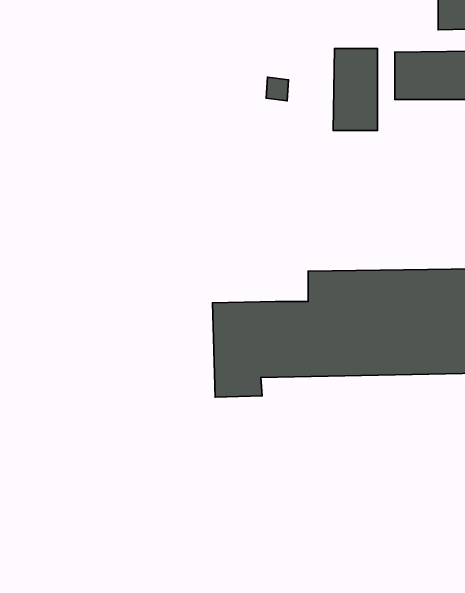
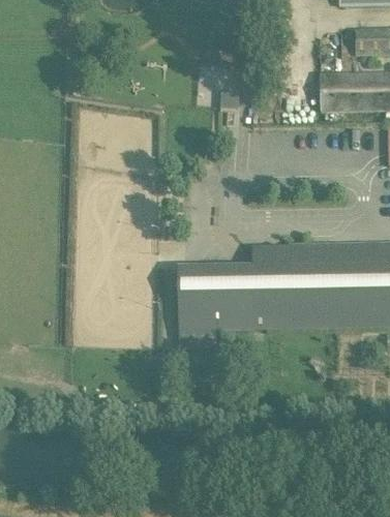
building: [333,48,378,131] -> none

